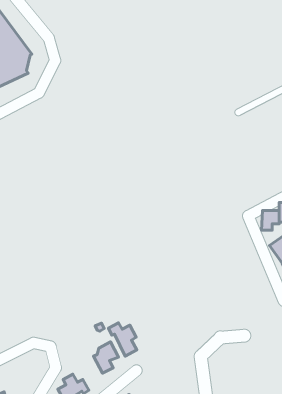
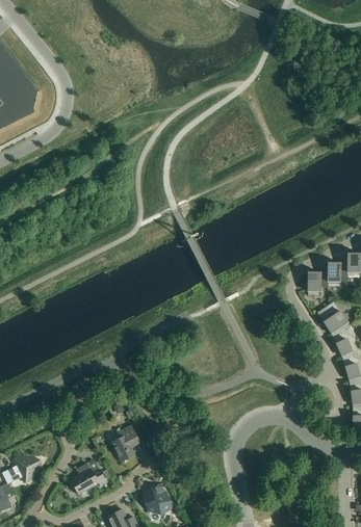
building: [108,323,137,356] -> none
building: none -> [7,454,40,480]

